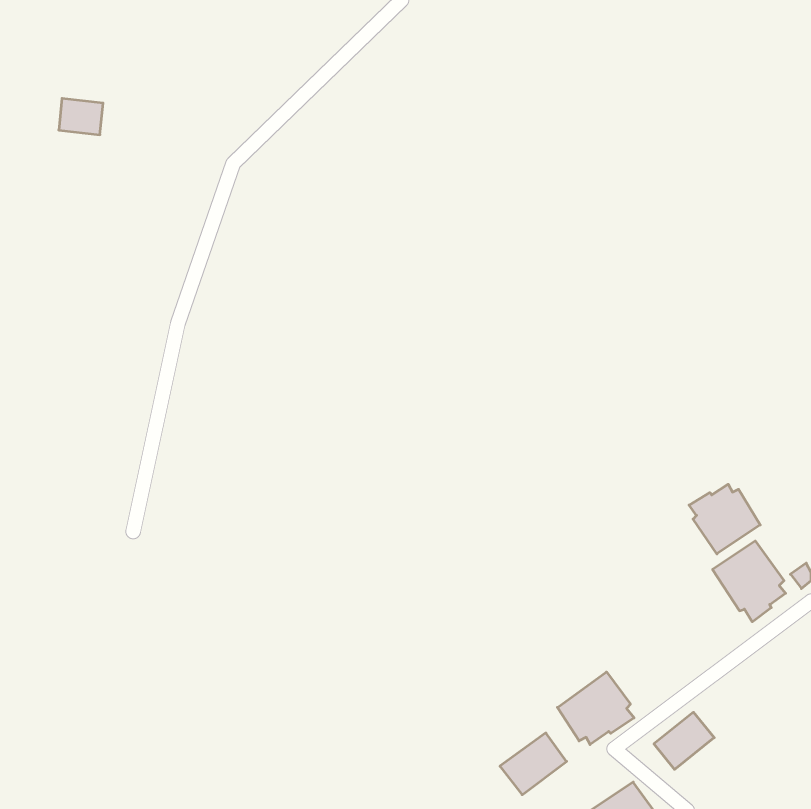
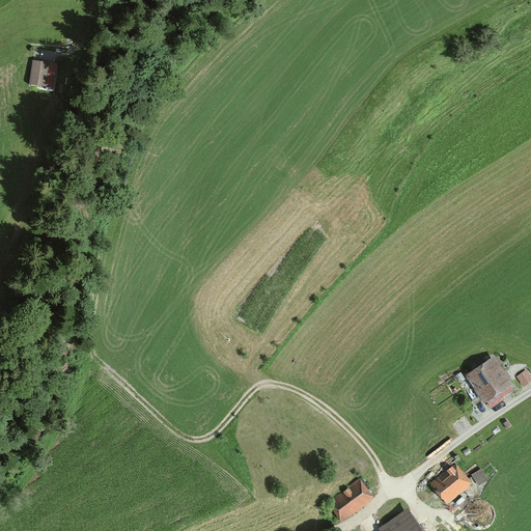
building: [689,484,760,554] -> none
building: [557,672,634,745] -> none

